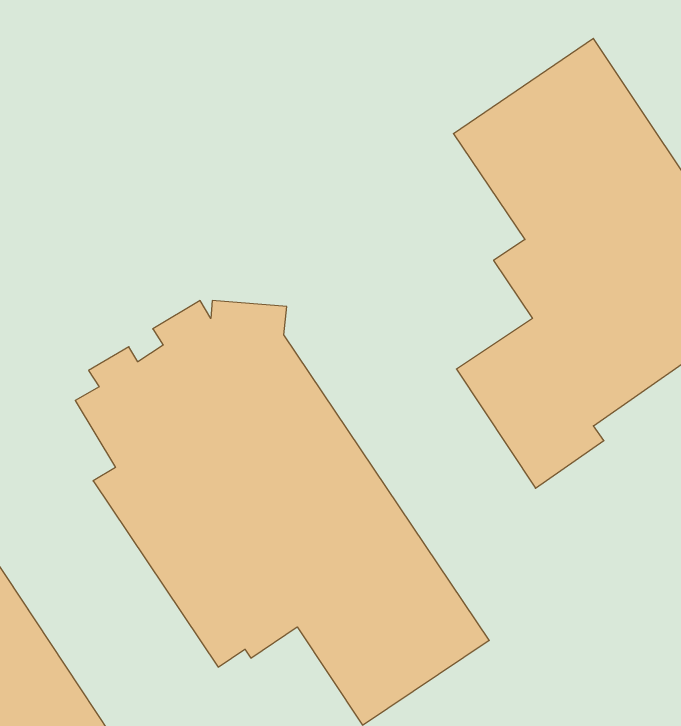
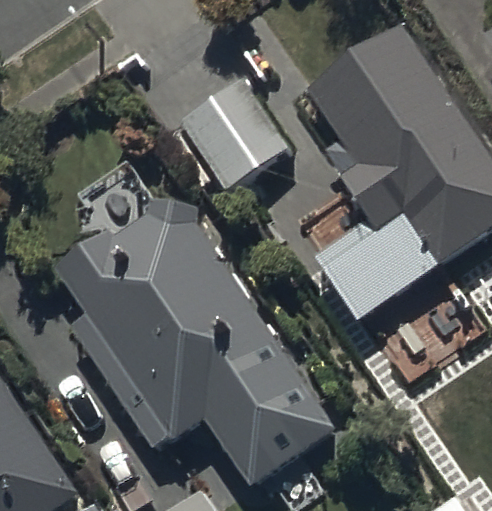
building: none -> [180,80,285,186]

